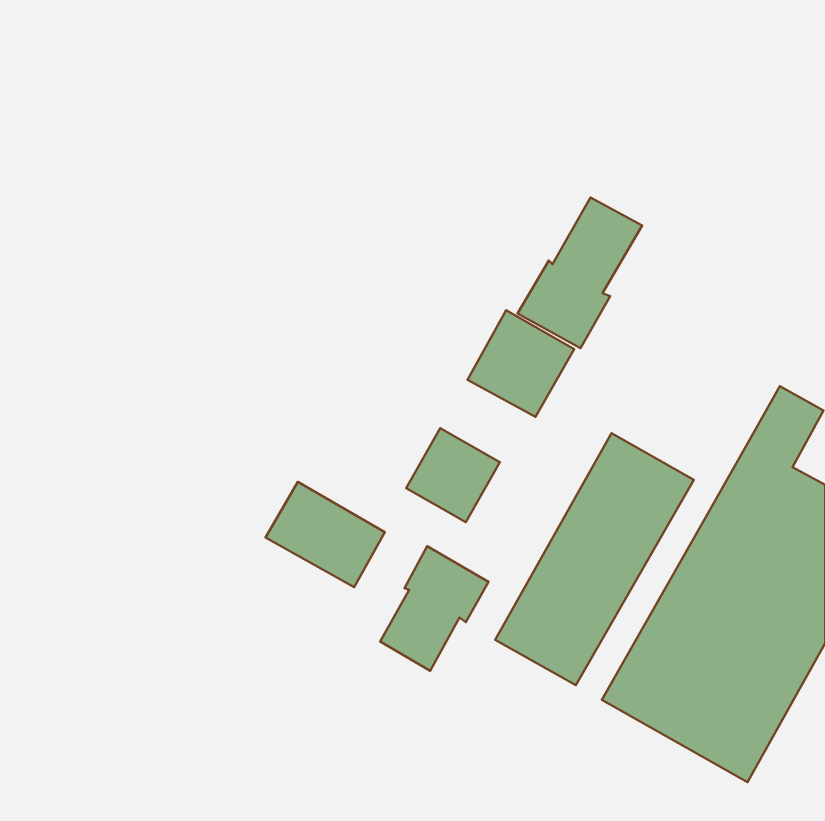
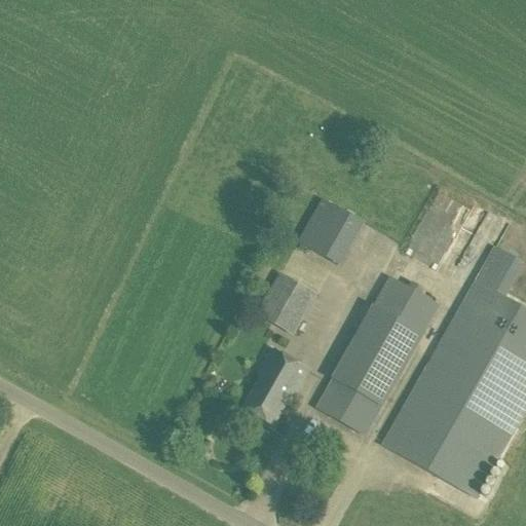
building: [517,198,642,348] -> none
building: [265,482,385,587] -> none

